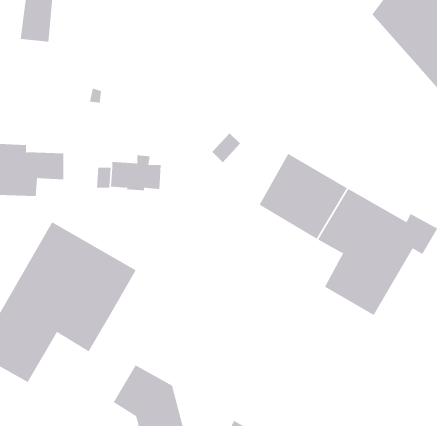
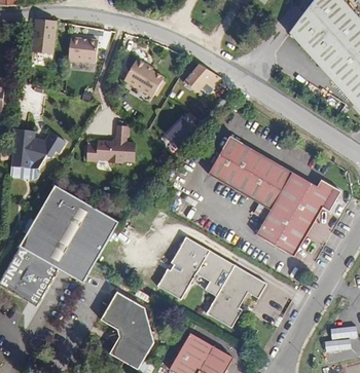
building: none -> [67,34,97,59]
building: none -> [122,59,161,95]
building: none -> [182,63,221,91]
building: none -> [155,235,265,327]

